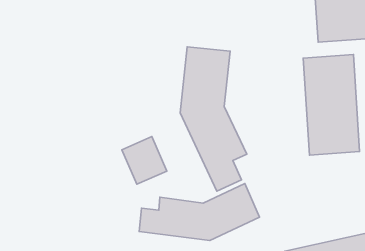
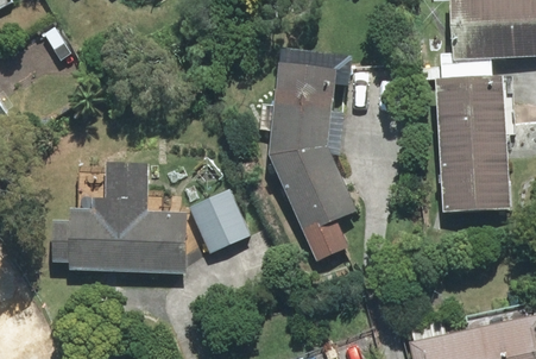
building: none -> [52,162,183,272]
building: [139,183,260,241] -> none

